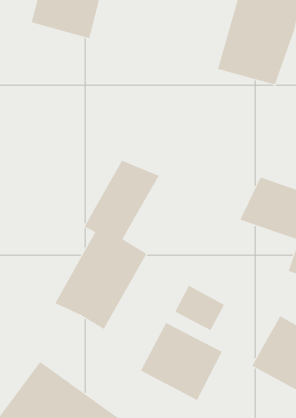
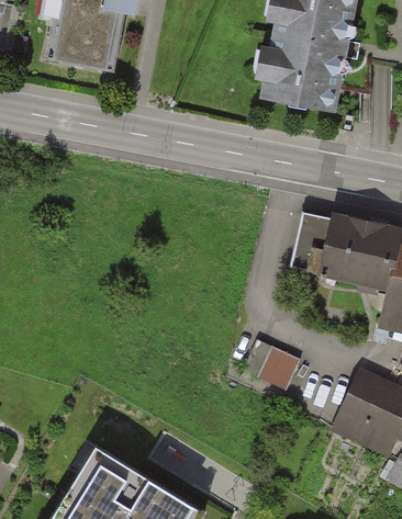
building: [54,160,159,330] -> none
building: [140,322,222,401] -> none

